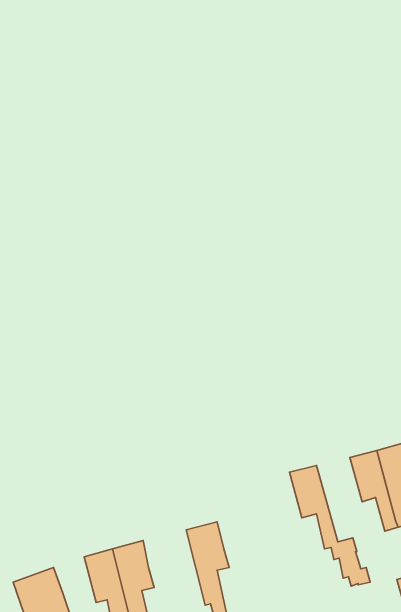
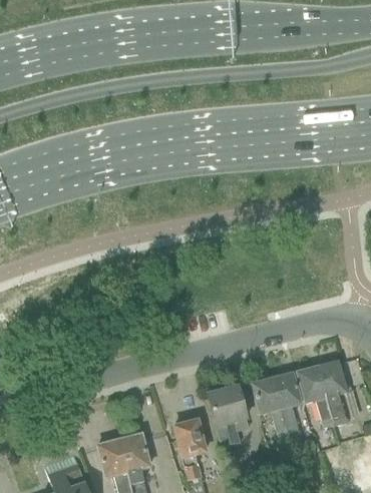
building: none -> [272,371,317,462]
building: none -> [209,386,250,445]

